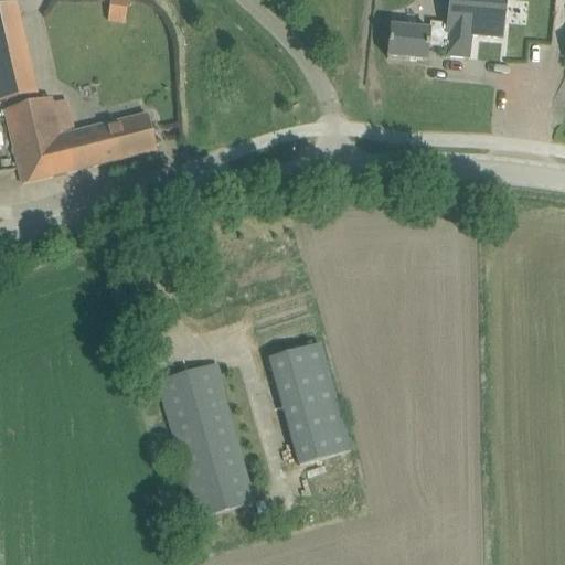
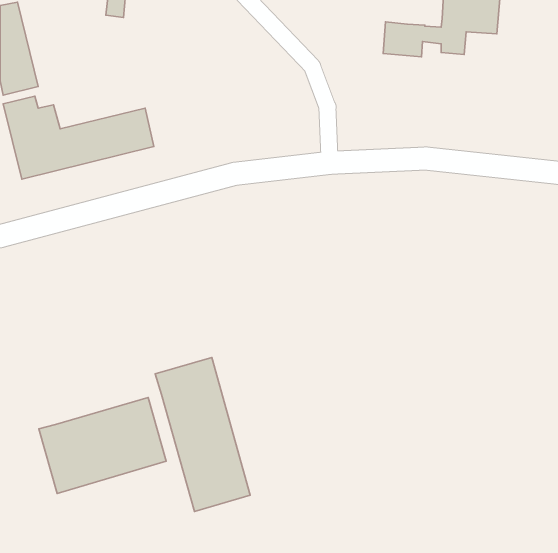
building: [268,341,350,462] -> none
building: none -> [39,397,166,493]

